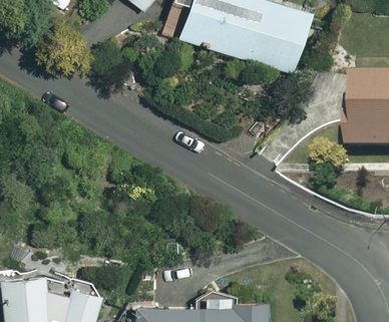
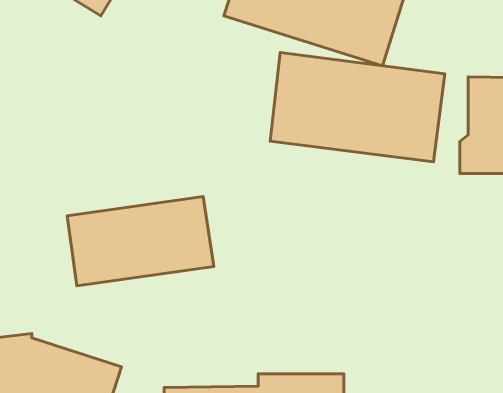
building: none -> [270,53,445,162]
building: none -> [67,196,214,286]

